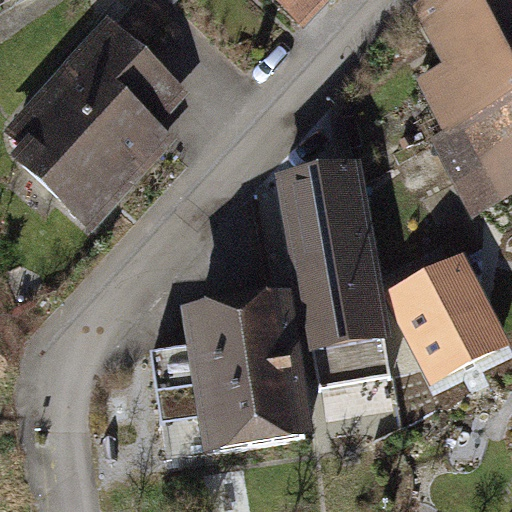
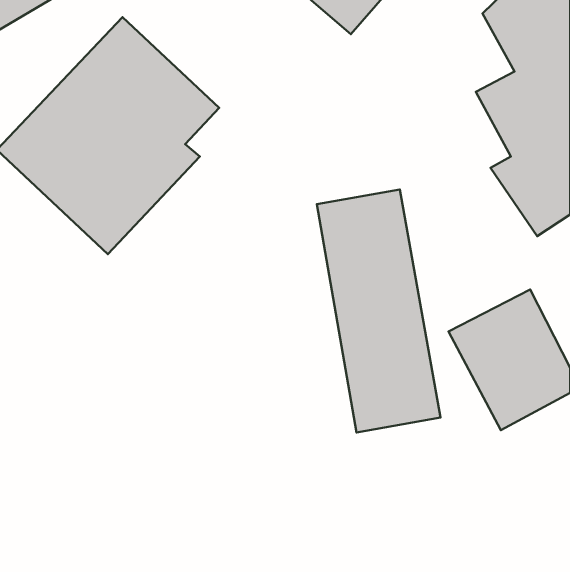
building: [150,296,299,453] -> none

